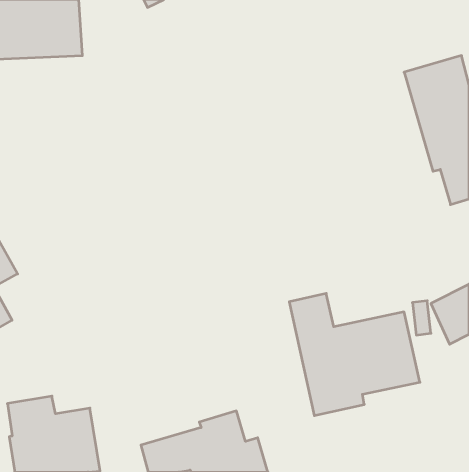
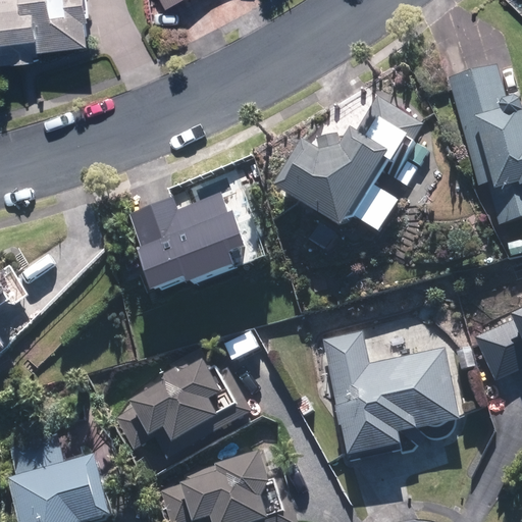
building: none -> [270,94,429,229]
building: none -> [130,196,266,290]
building: none -> [128,356,252,458]

